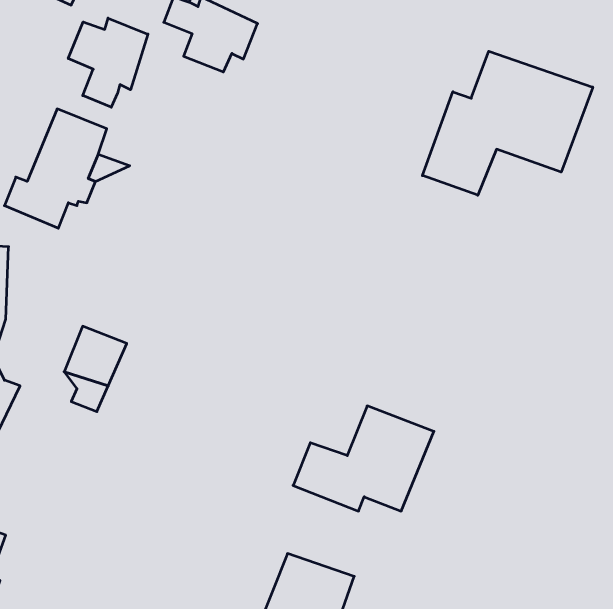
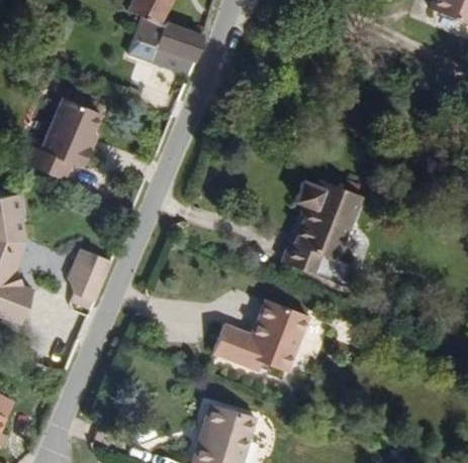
building: [68,18,148,107] -> none
building: [422,51,593,195] -> none
building: none -> [287,182,371,288]

